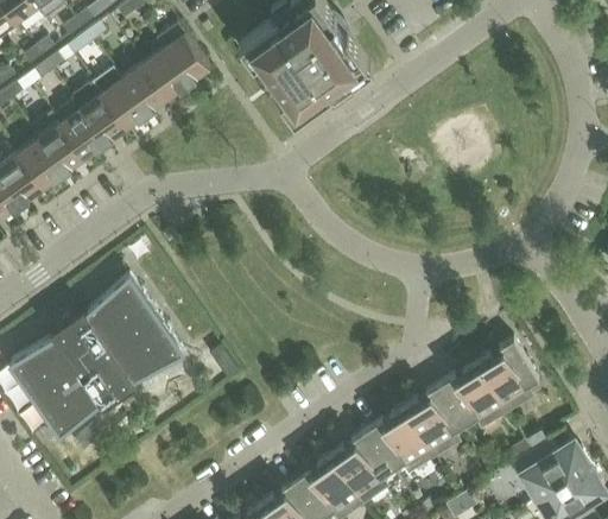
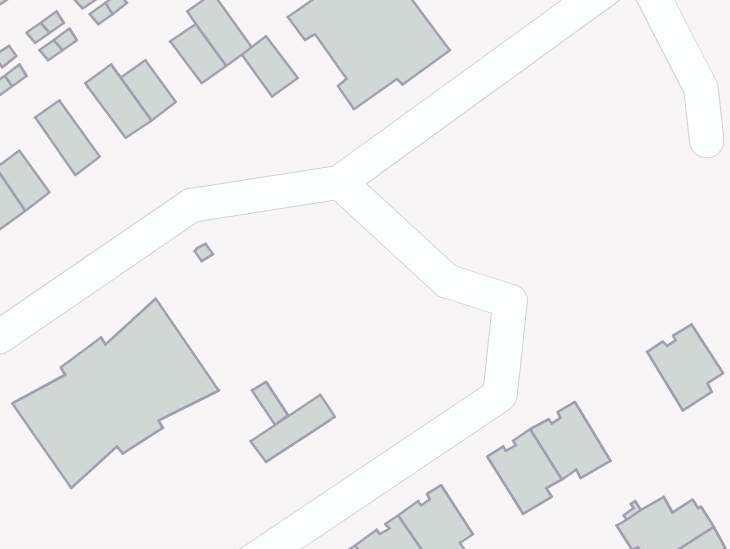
building: [121,64,167,114] -> [242,36,298,97]
building: [50,102,104,159] -> none
building: [17,139,63,189] -> none
building: [476,340,539,411] -> [647,324,723,411]
building: none -> [251,395,335,462]
building: [366,407,433,471] -> none

